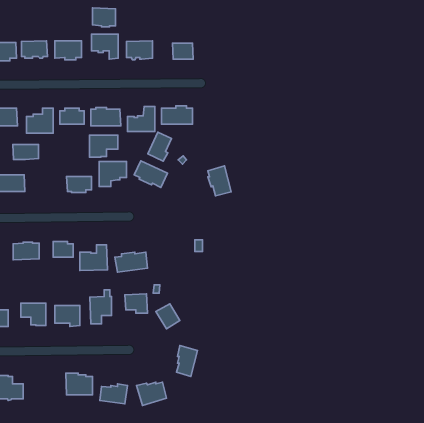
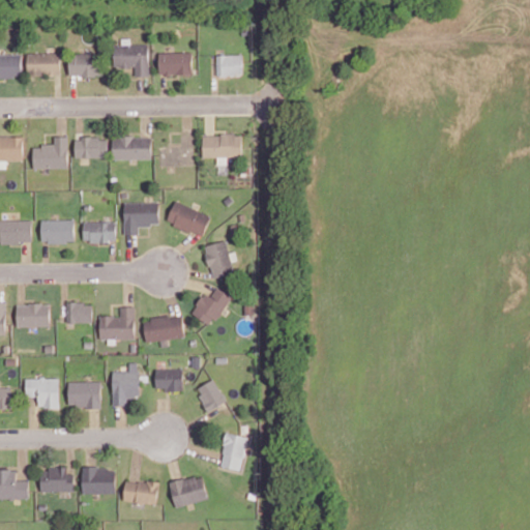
building: [93,8,115,27] -> none
building: [148,132,171,161] -> none
building: [89,135,118,157] -> none
building: [13,145,39,159] -> [40,222,72,240]
building: [208,166,231,196] -> [202,241,231,278]
building: none -> [189,289,229,325]
building: none -> [40,468,72,492]

